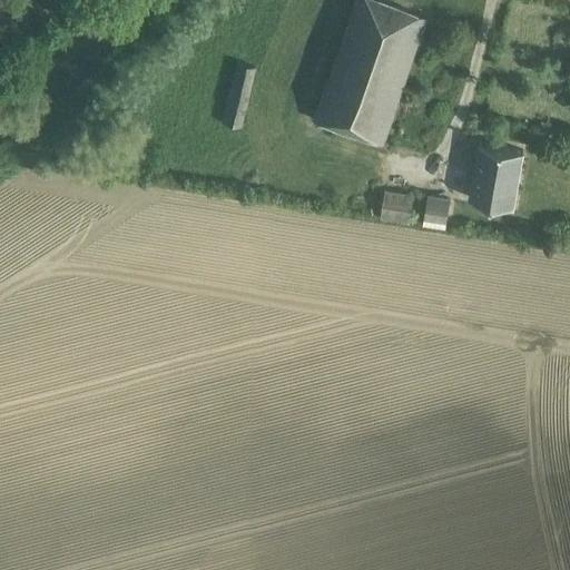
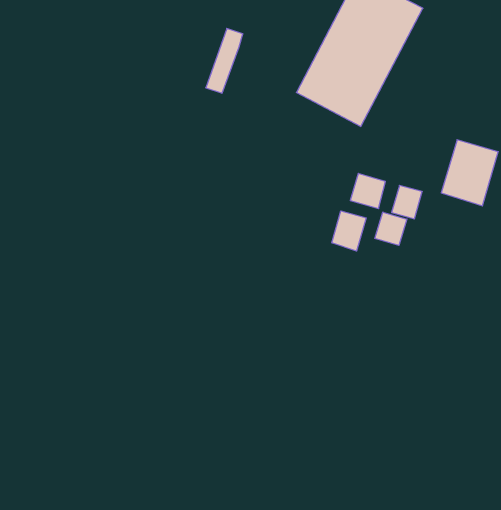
building: none -> [375,212,407,245]
building: none -> [332,211,366,251]

